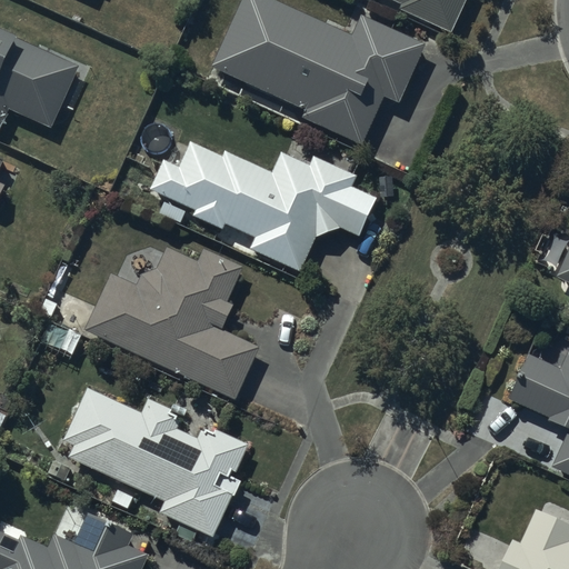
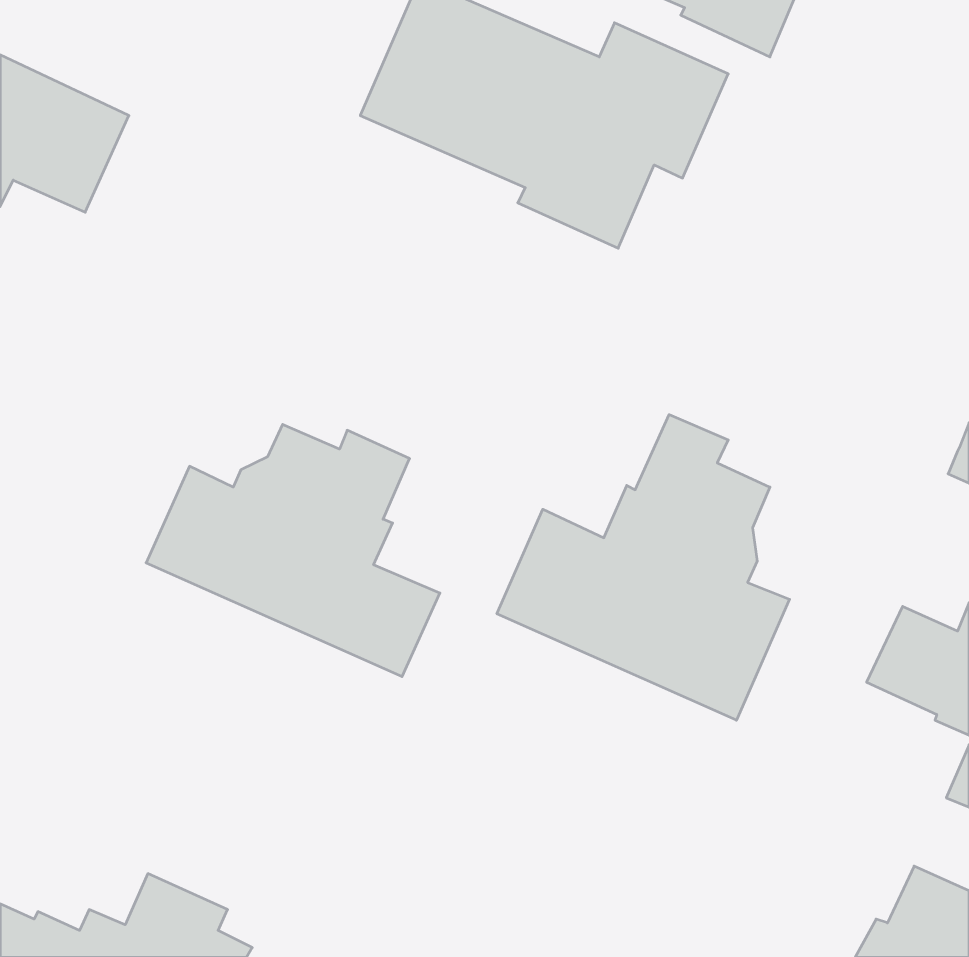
building: [147,141,376,272] -> none
building: none -> [497,415,790,720]
building: [62,386,249,537] -> none

